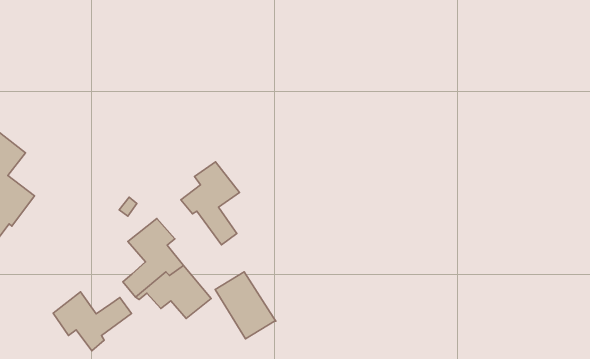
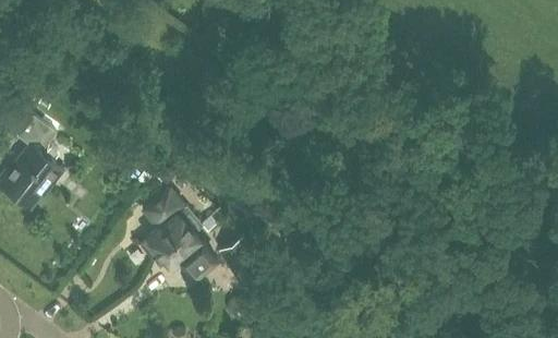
building: [181,162,240,245] -> none
building: [53,292,132,351] -> none

